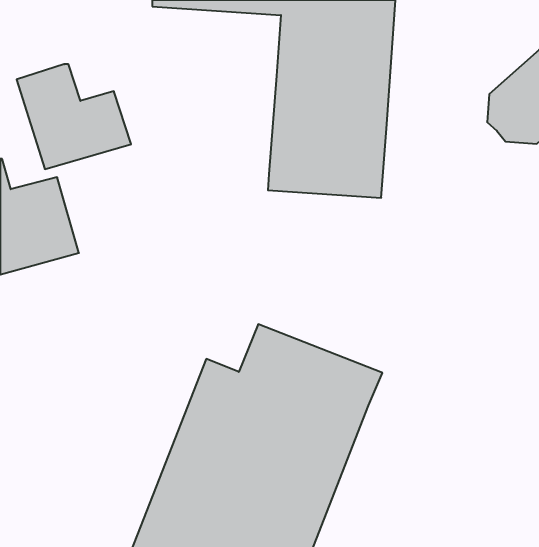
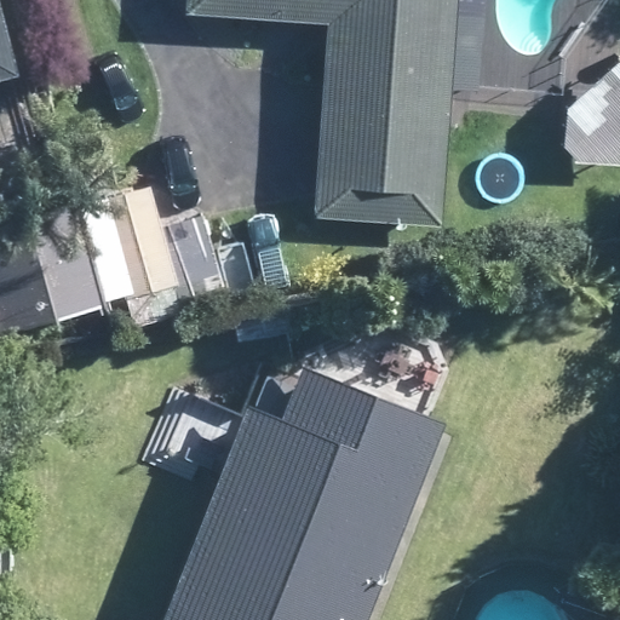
building: [17,64,131,169] -> [97,188,225,305]

